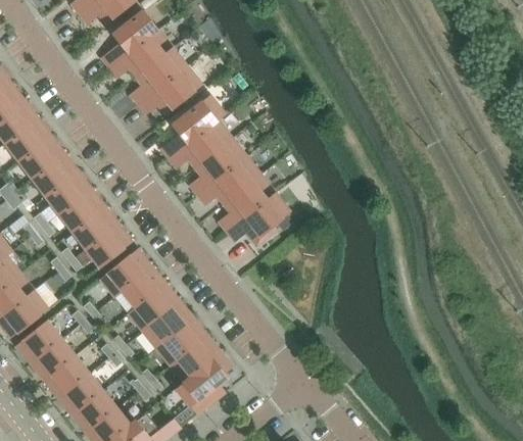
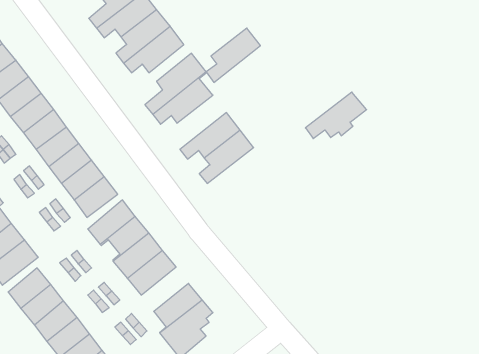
building: [190,139,247,196] -> [206,28,260,82]
building: [227,194,291,243] -> [305,92,367,139]
building: [157,320,207,366] -> none

